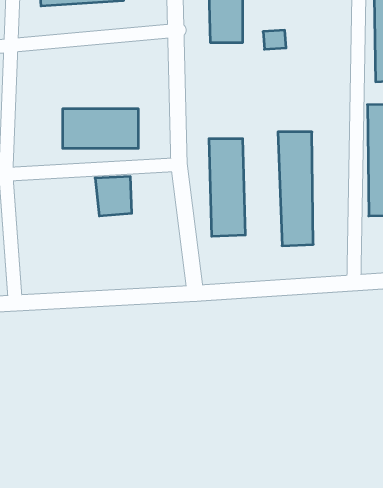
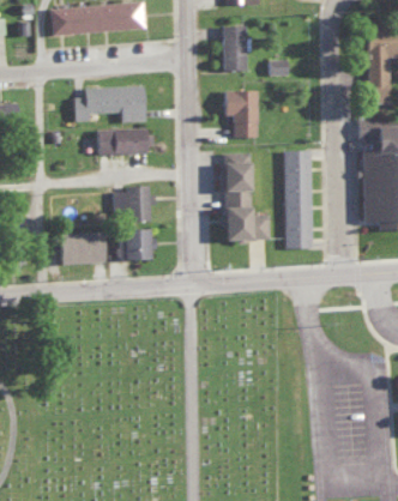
building: none -> [74,87,141,122]
building: none -> [228,92,258,137]
building: none -> [122,225,155,260]
building: none -> [70,231,110,262]

